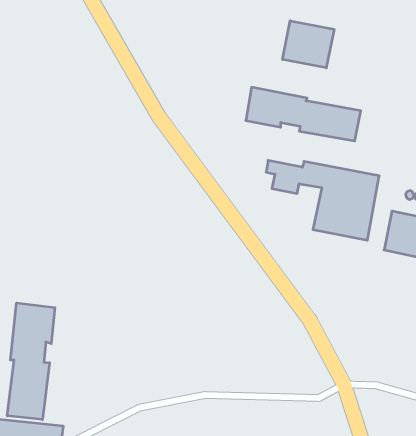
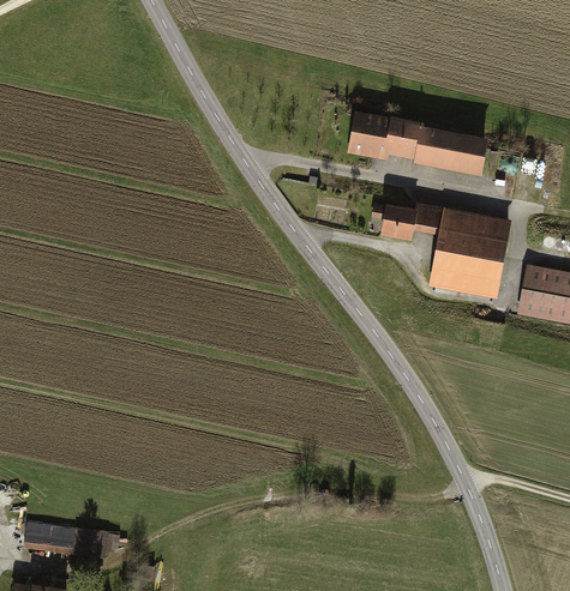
building: [283,21,334,68] -> none
building: [7,303,55,420] -> none

